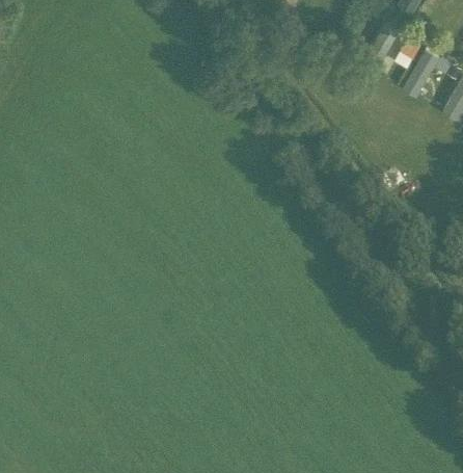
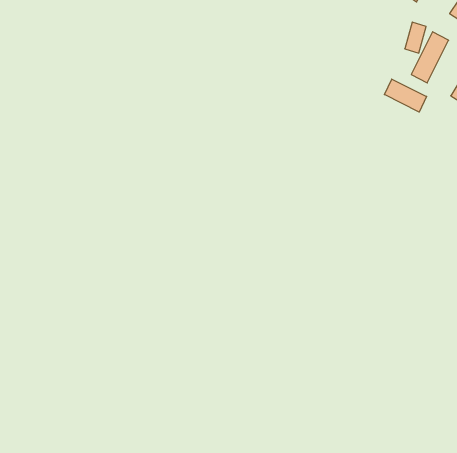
building: none -> [384,79,427,112]

